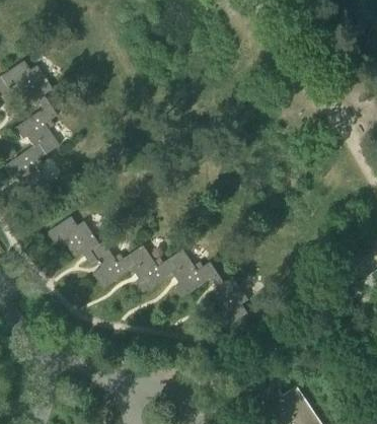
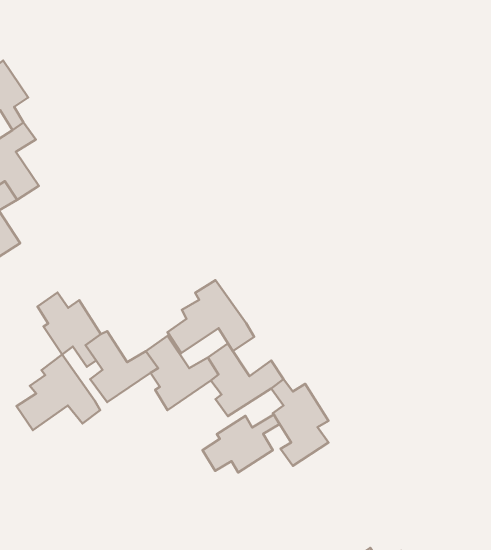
building: none -> [168,280,254,353]
building: none -> [17,354,100,430]
building: none -> [202,415,280,473]

